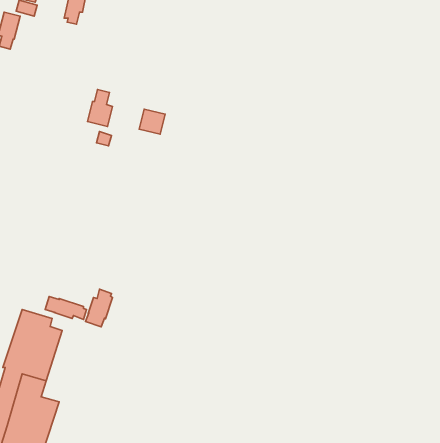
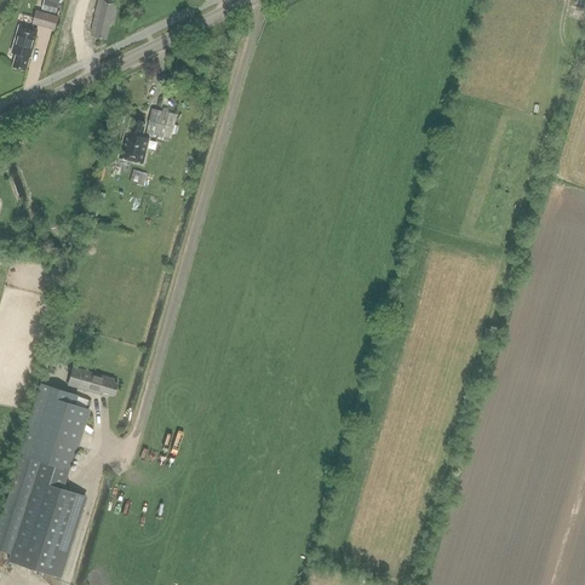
building: [139,109,165,134] -> [147,108,178,138]
building: [85,289,113,327] -> none

